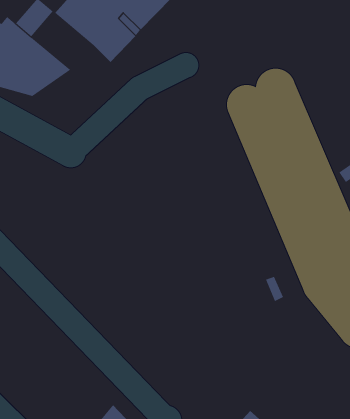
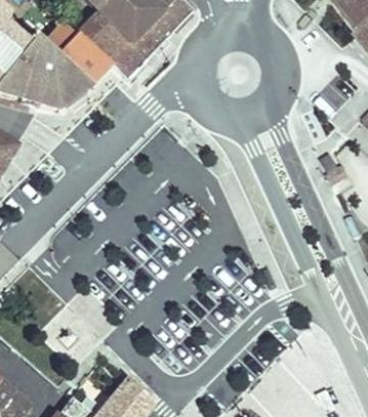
building: none -> [55,35,110,86]

